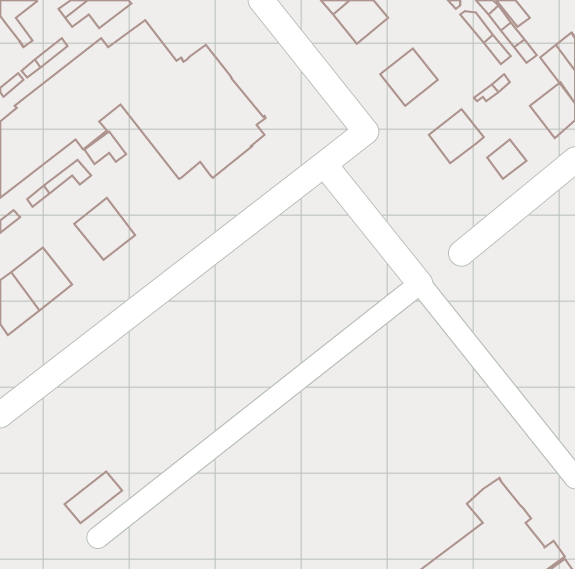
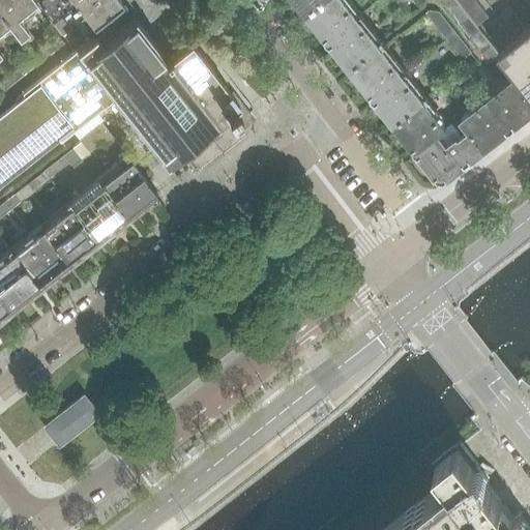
building: none -> [328,22,380,73]
building: none -> [373,79,424,129]
building: none -> [461,102,510,153]
building: none -> [414,138,463,184]
building: none -> [95,158,155,222]
building: none -> [39,211,95,267]
building: [65,471,122,523] -> [43,401,96,448]

